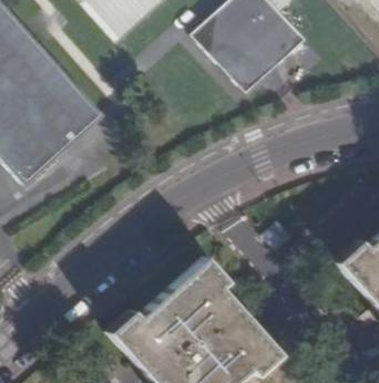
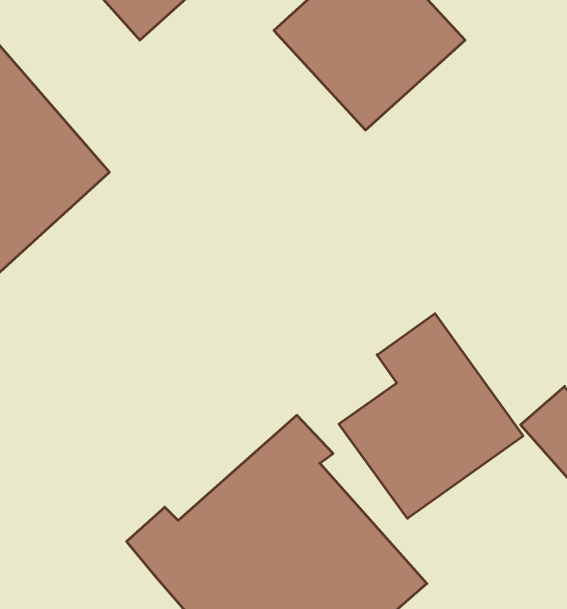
building: none -> [339,314,523,518]

